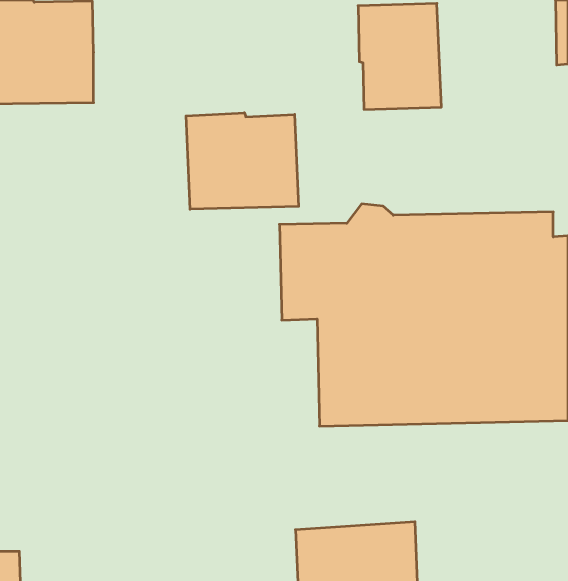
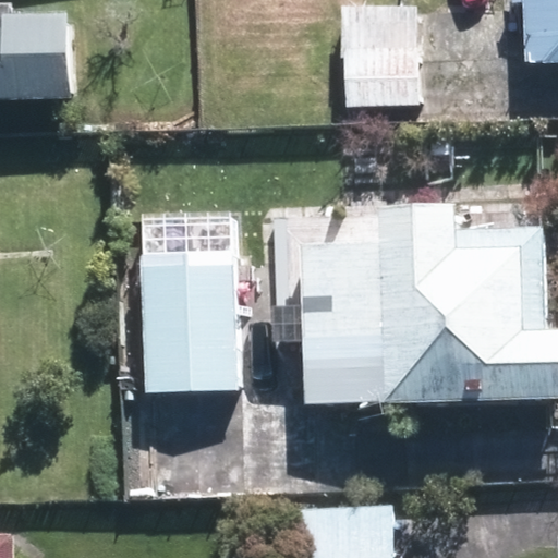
building: [186,113,299,209] -> none
building: none -> [135,252,243,392]

